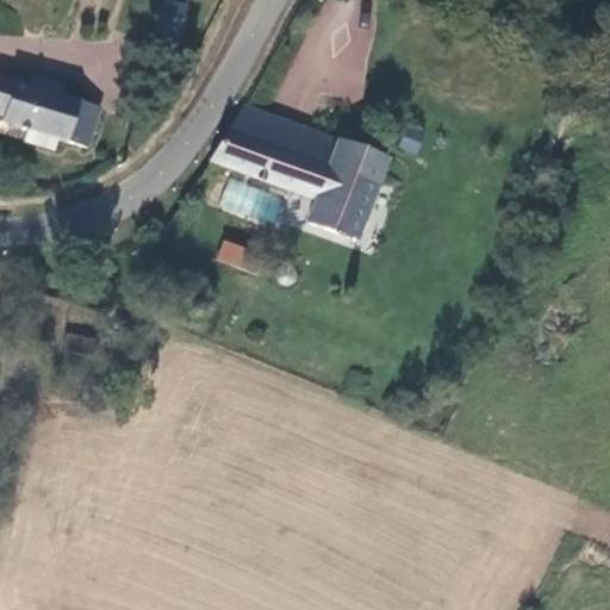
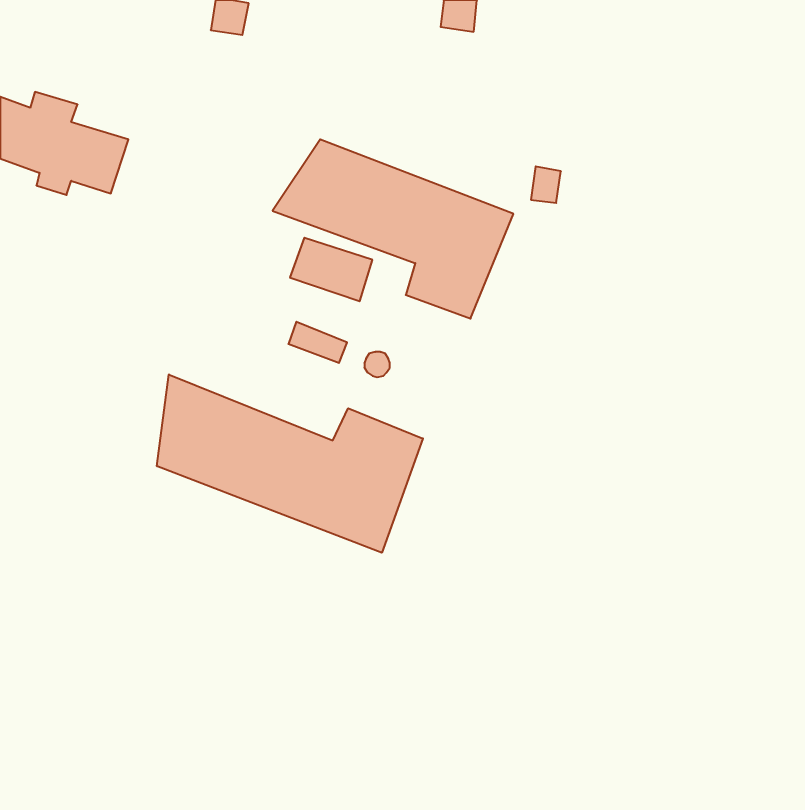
building: none -> [157,374,423,553]

